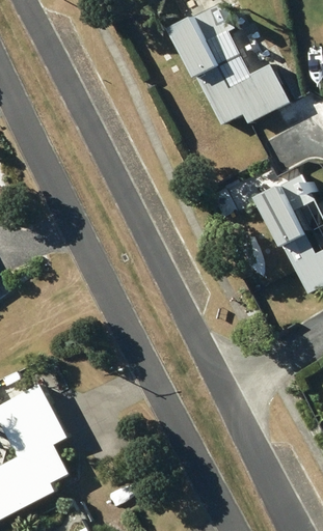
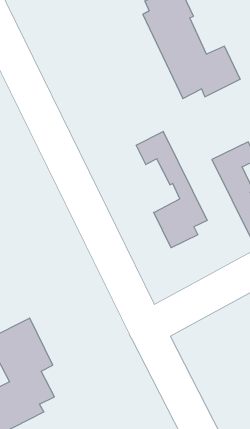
building: none -> [136,131,207,248]

